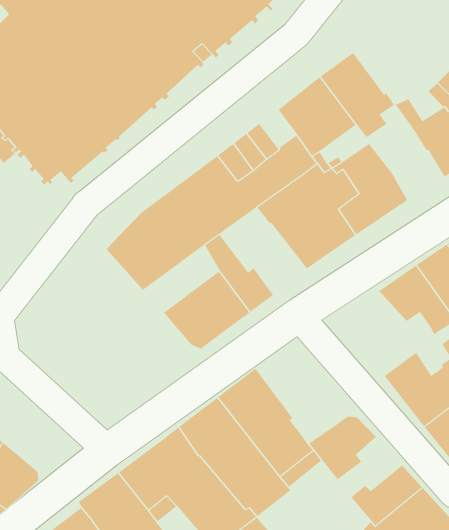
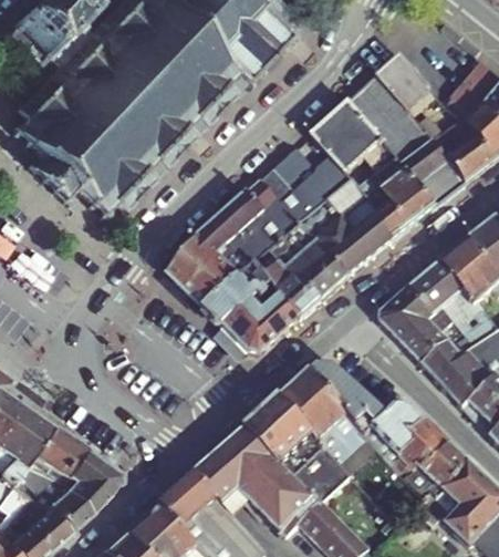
building: none -> [374,51,434,112]
building: none -> [392,117,465,203]
building: none -> [267,220,347,298]
building: none -> [201,258,269,322]
building: none -> [384,287,464,363]
building: none -> [310,362,385,430]
building: none -> [391,414,450,475]

